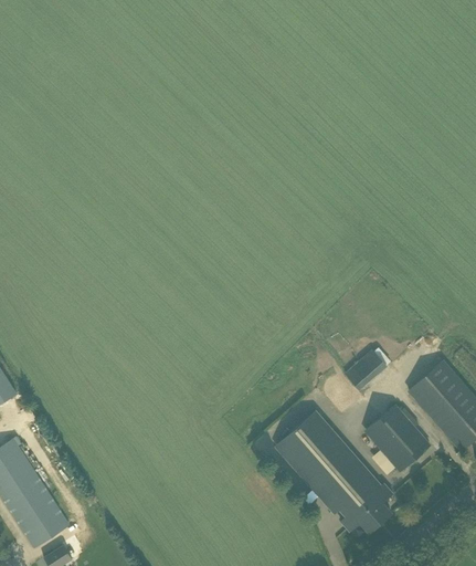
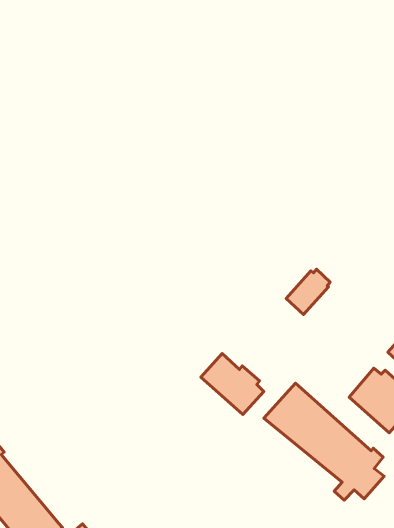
building: [345,348,390,391] -> [286,269,330,314]
building: none -> [201,353,264,414]

